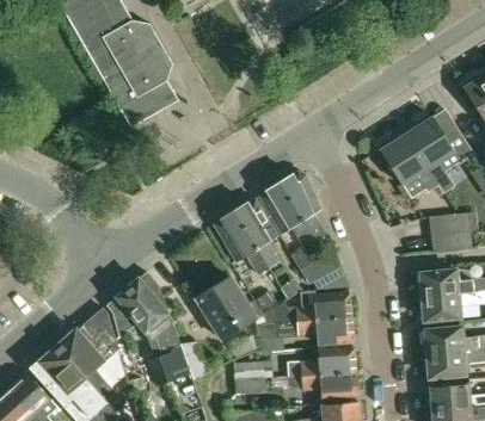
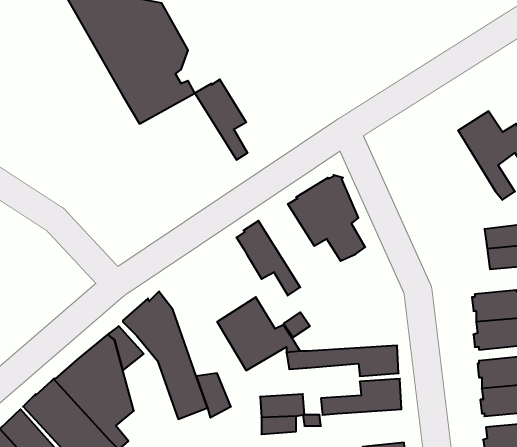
building: [379,134,437,192] -> none
building: [233,199,278,268] -> [195,79,248,160]
building: [300,248,344,283] -> none
building: [263,292,352,323] -> none
building: [301,373,358,400] -> none

